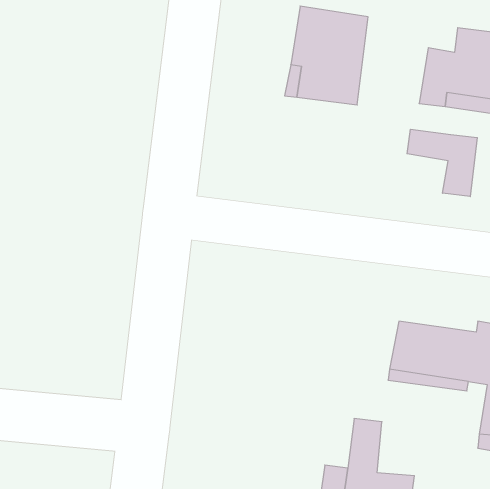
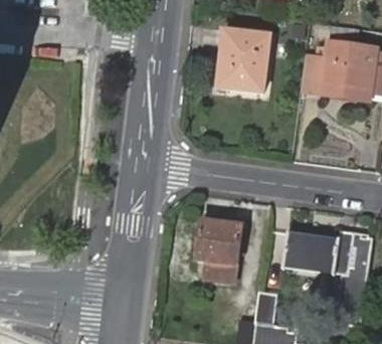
building: [407,129,477,197] -> none
building: none -> [196,219,242,283]

